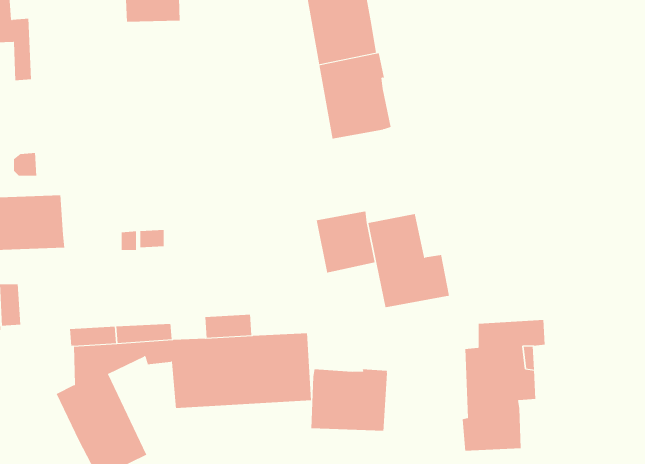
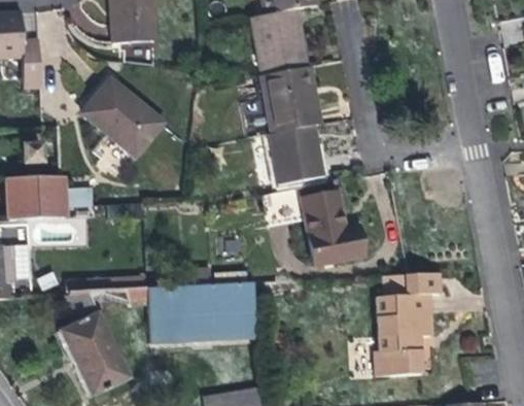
building: none -> [82,77,165,157]
building: none -> [271,126,322,183]
building: [311,368,387,431] -> none

